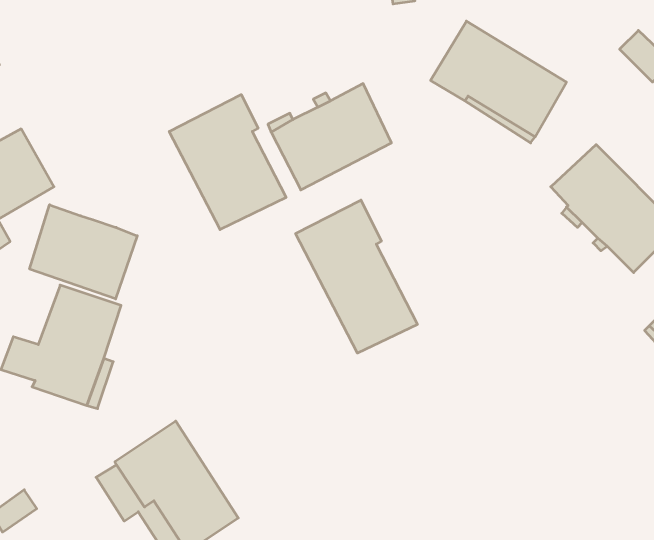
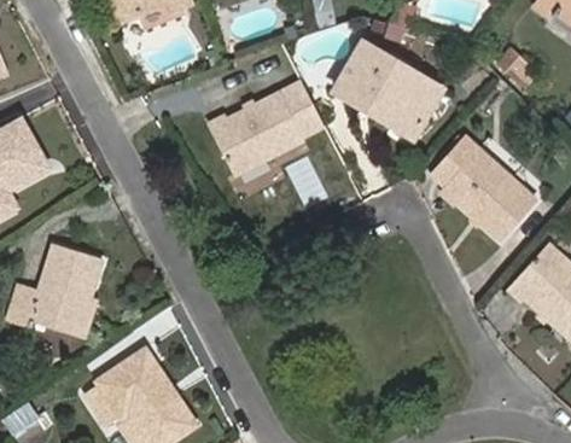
building: [169,95,286,230] -> none
building: [296,200,417,353] -> none
building: [30,205,137,299] -> none

